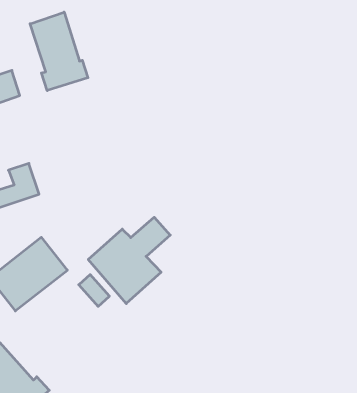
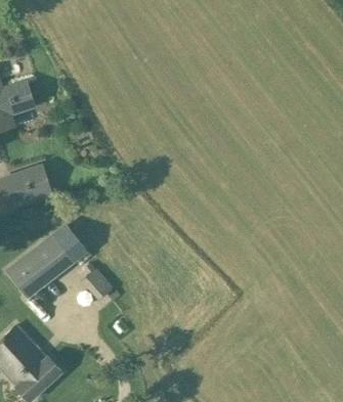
building: [30,12,88,91] -> none
building: [88,217,170,304] -> none

